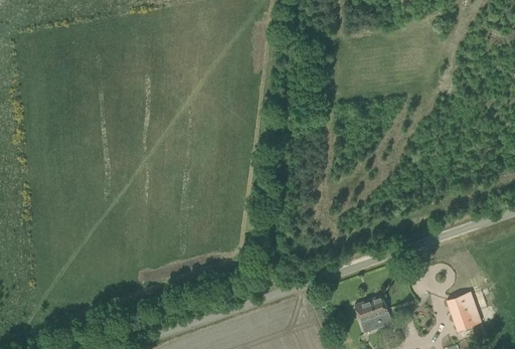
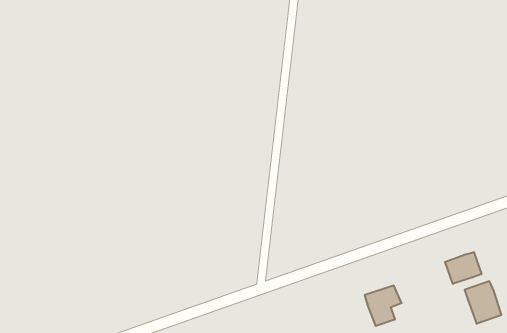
building: none -> [445,252,481,284]

